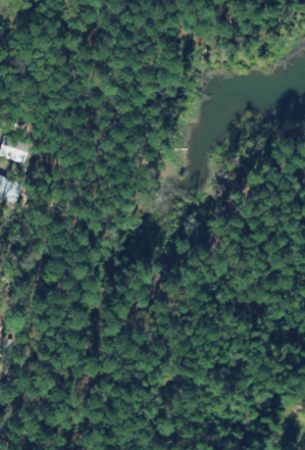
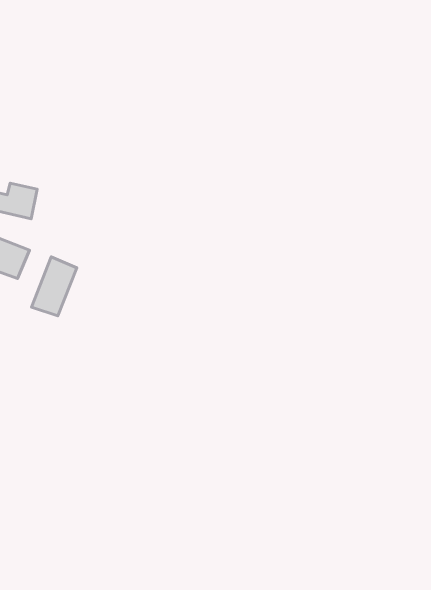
building: none -> [32,257,77,316]

